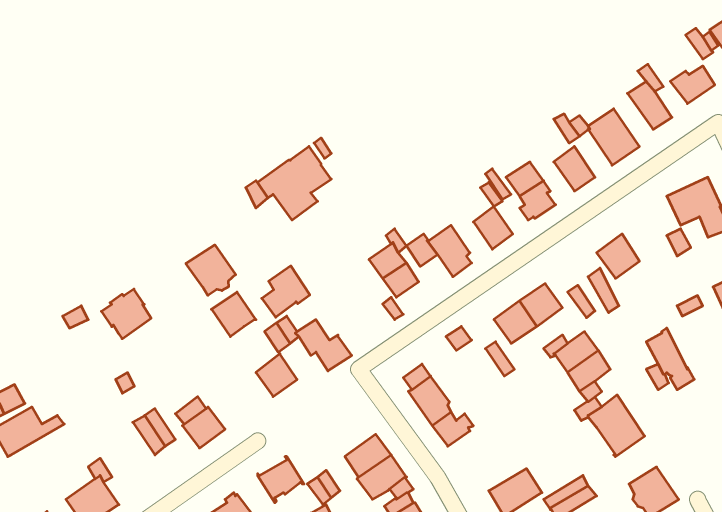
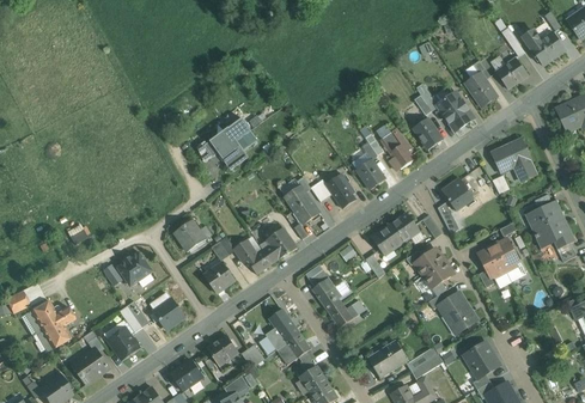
building: [186,245,236,295] -> none
building: [262,266,310,317] -> [262,227,295,263]
building: [101,289,151,339] -> [116,251,151,286]
building: none -> [492,238,525,280]
building: none -> [33,311,74,350]
building: none -> [106,326,139,359]

